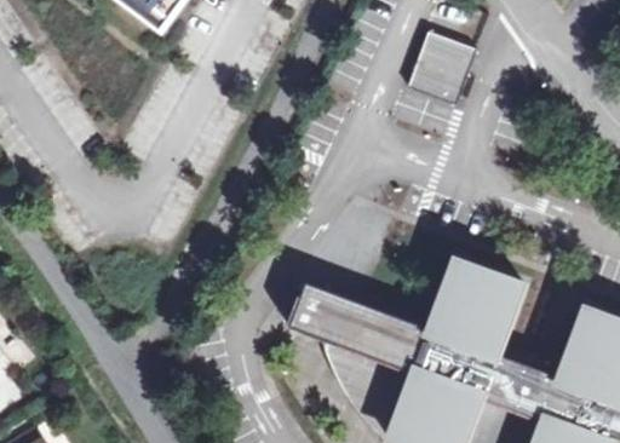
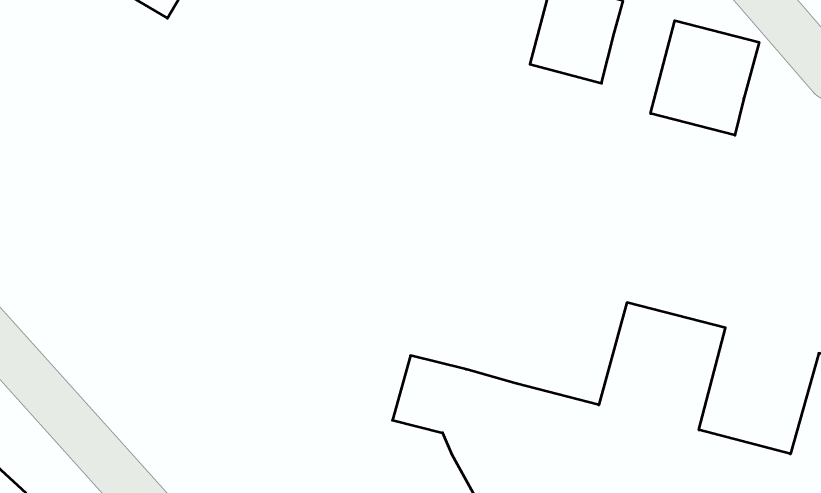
building: none -> [651,21,759,135]

